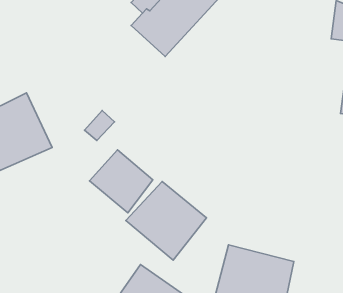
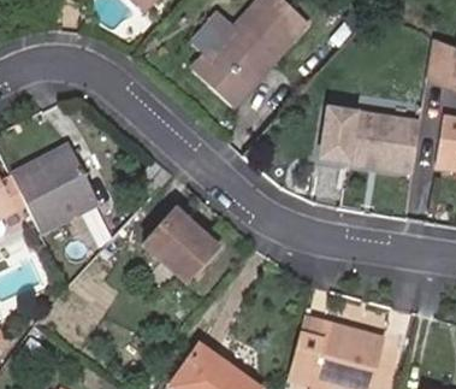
building: none -> [321,104,421,164]
building: [126,181,206,260] -> none

